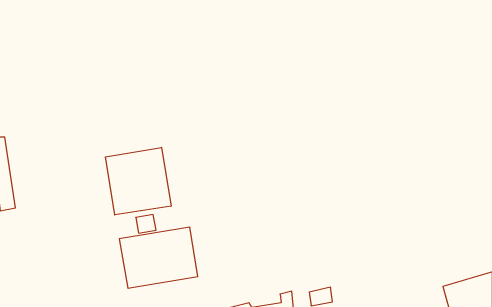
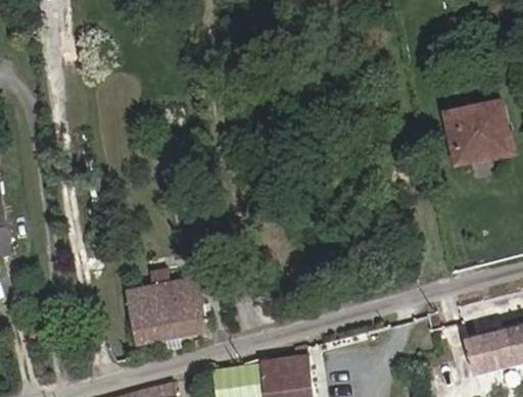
building: none -> [436,96,504,160]
building: [105,147,171,215] -> none

